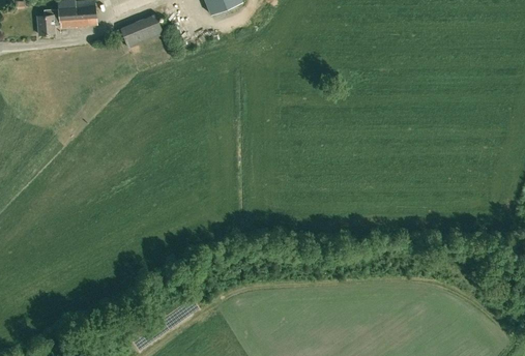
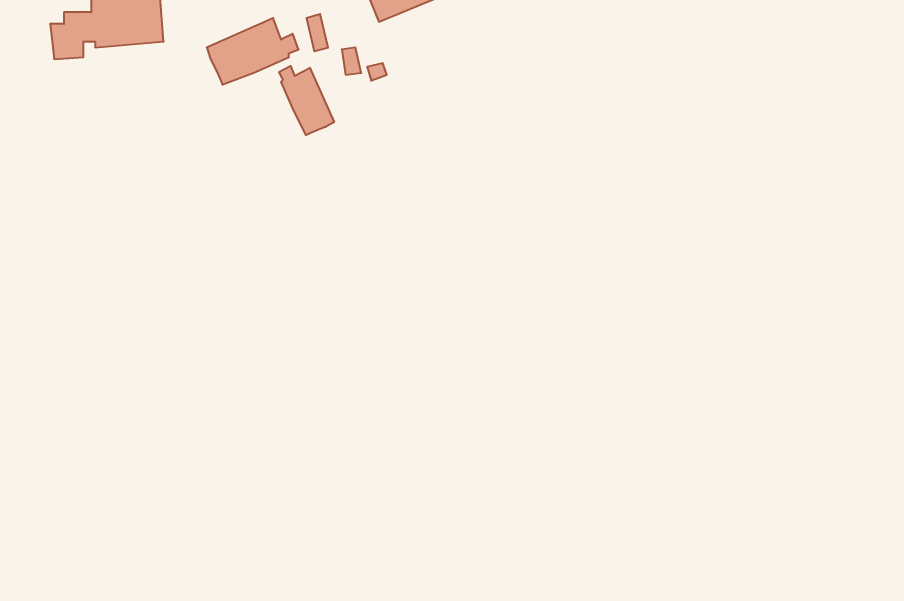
building: none -> [279,66,334,135]

